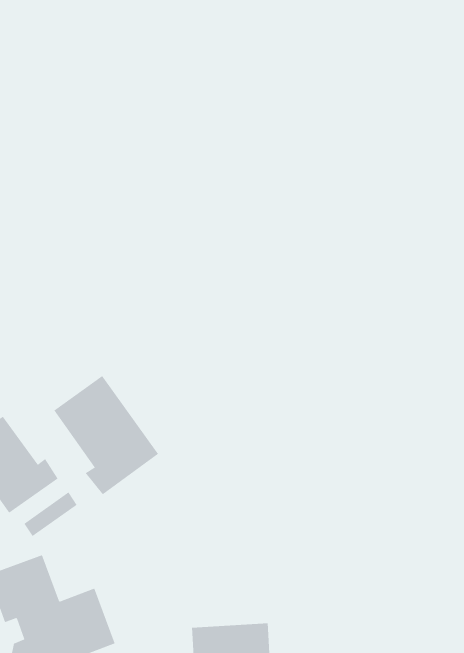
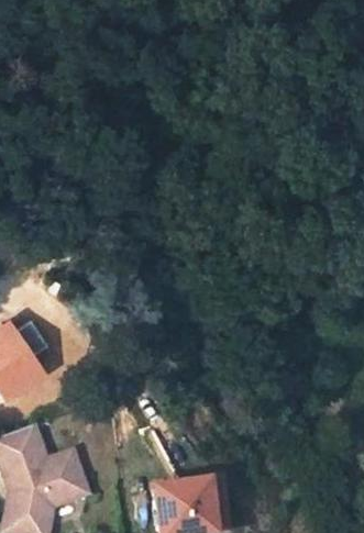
building: [53,375,159,495] -> none

